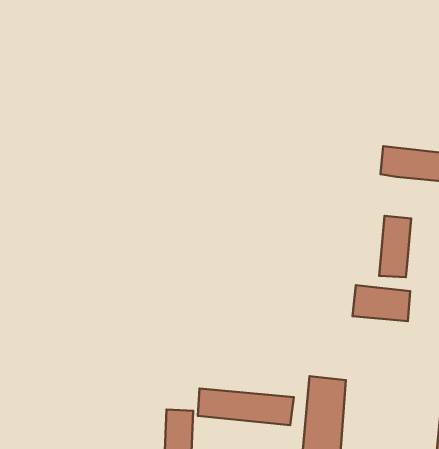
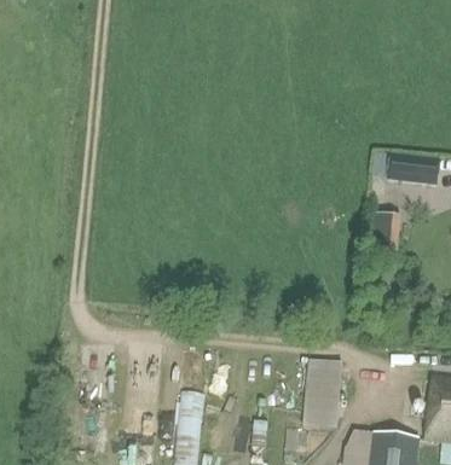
building: [352,285,410,321] -> none
building: [198,388,294,425] -> none

